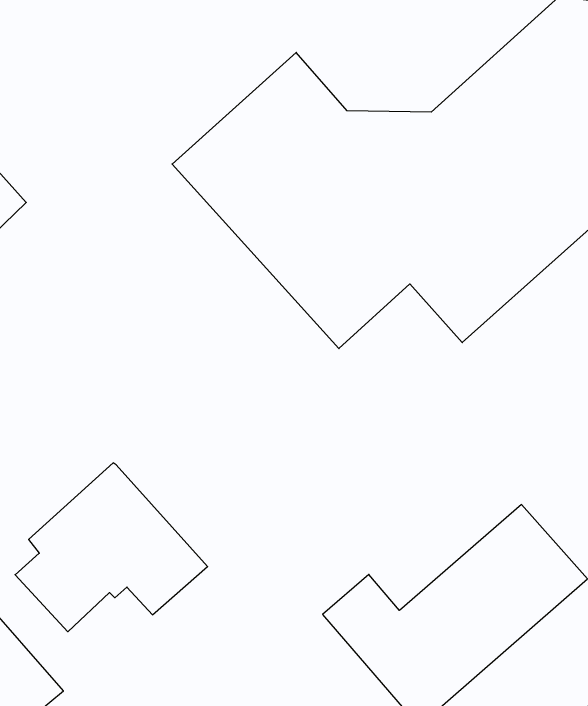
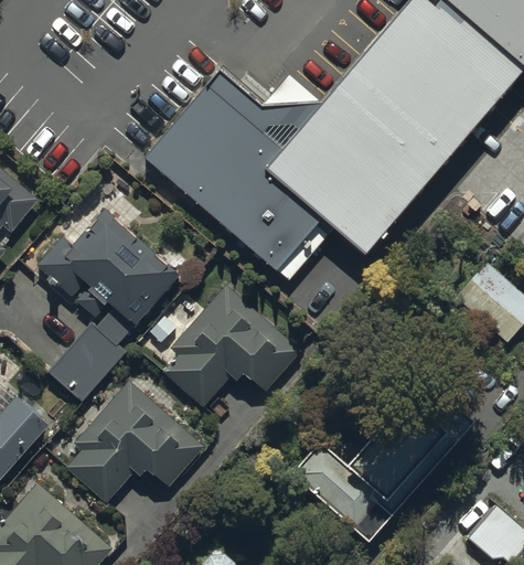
building: none -> [36,206,180,403]
building: none -> [137,282,300,411]

